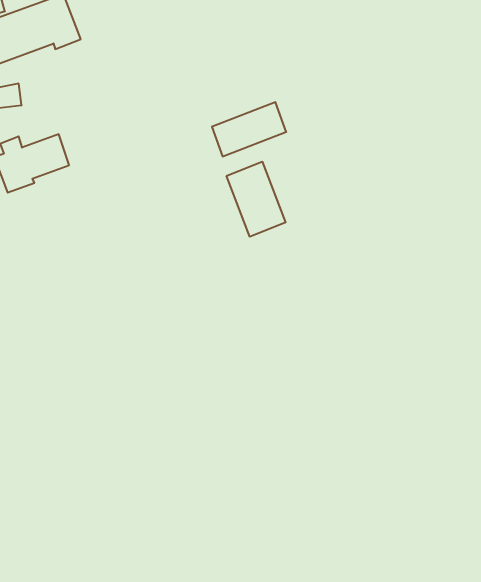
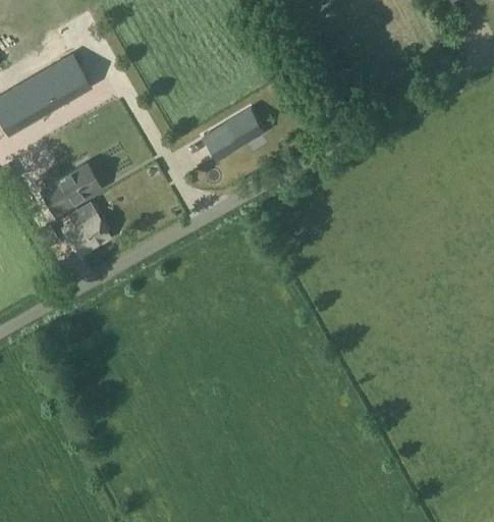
building: [227,162,286,237] -> none
building: none -> [61,204,109,258]

